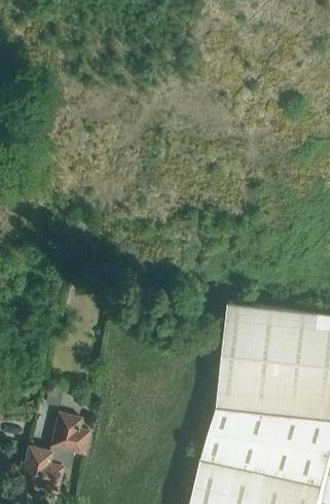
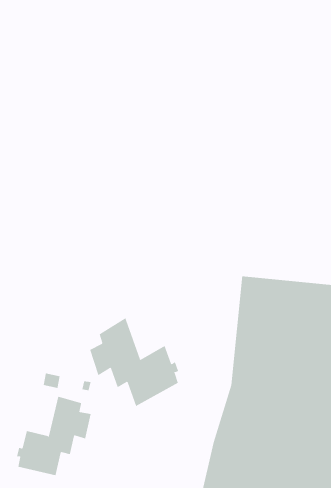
building: none -> [89,315,179,407]

